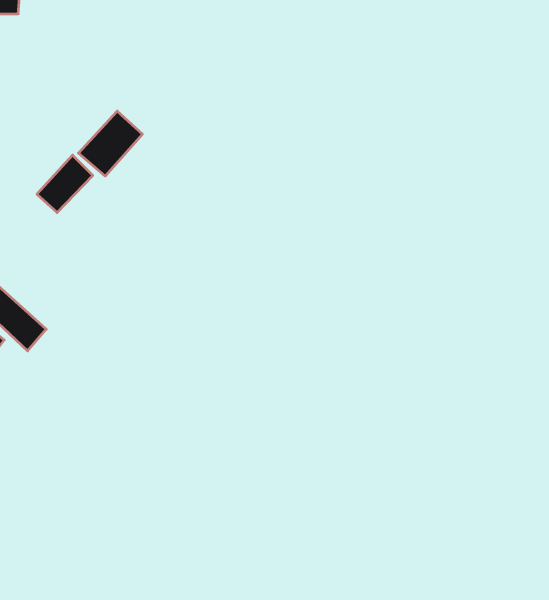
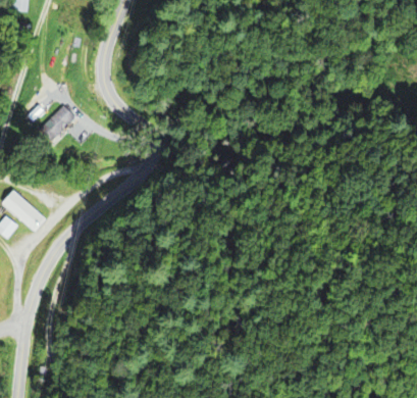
building: [78,111,142,176] -> none

